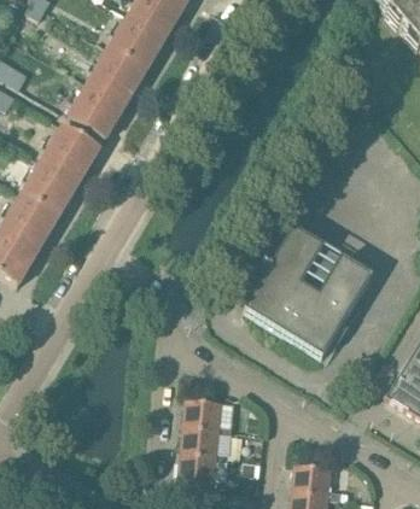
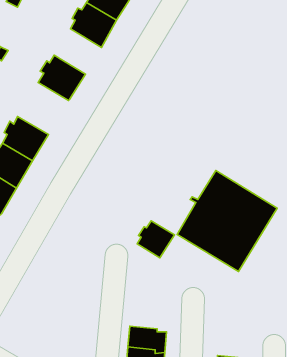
building: [86,47,146,105] -> none
building: [39,124,99,182] -> none
building: none -> [137,221,175,258]
building: [182,399,233,434] -> none

